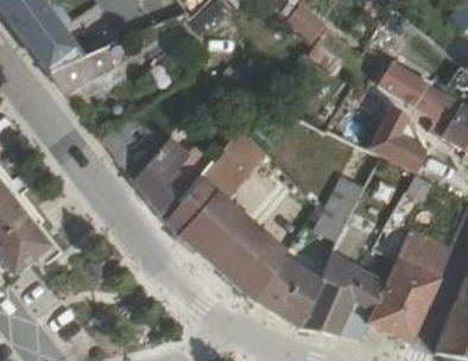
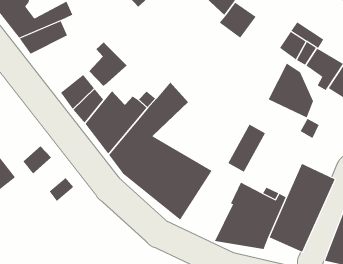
building: none -> [88,42,127,87]
building: [255,259,321,329] -> none

